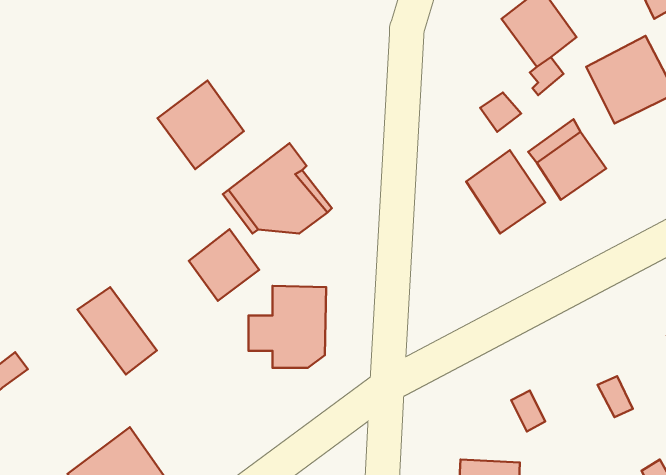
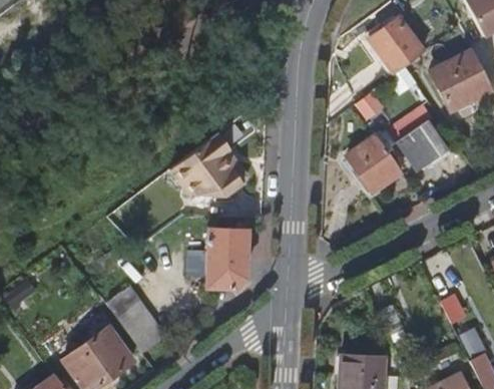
building: [157,81,244,169] -> none
building: [189,229,259,301] -> none
building: [78,287,157,375] -> [108,292,164,354]

